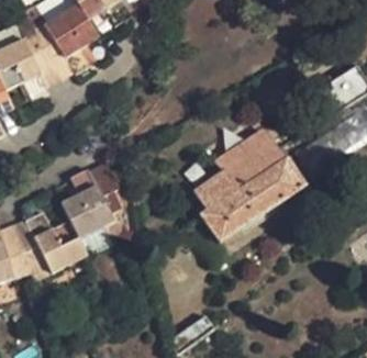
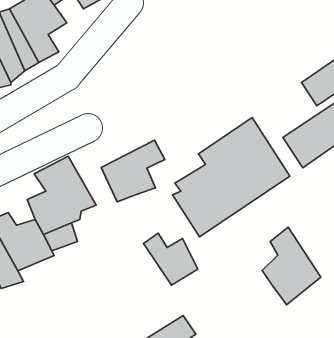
building: none -> [101,140,165,202]
building: none -> [262,227,321,305]
building: none -> [143,233,198,285]

